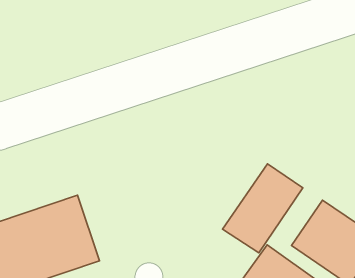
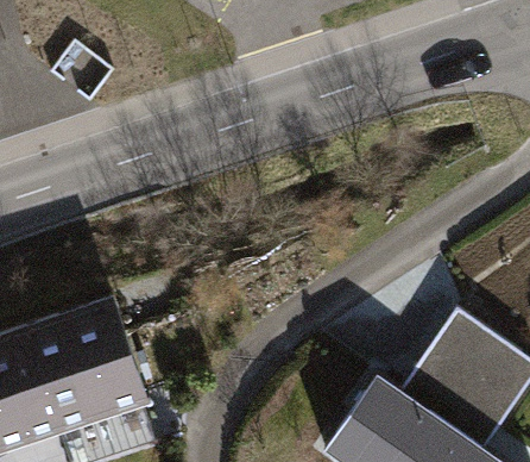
building: [222,164,303,253] -> none

